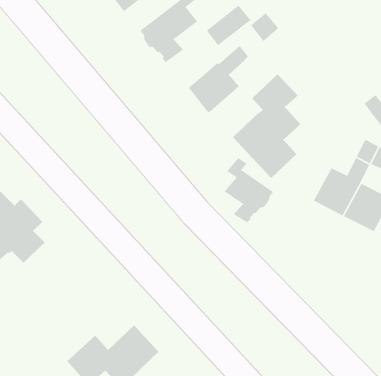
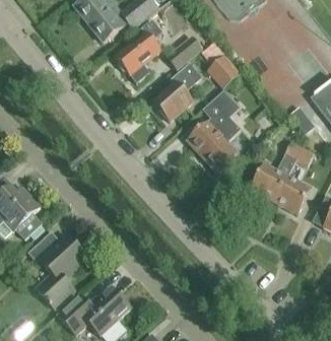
building: none -> [207,54,240,87]
building: [223,157,274,223] -> none
building: none -> [27,229,86,311]

